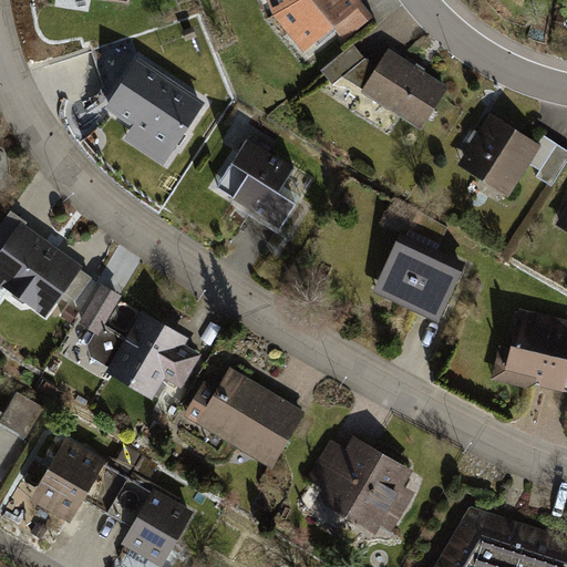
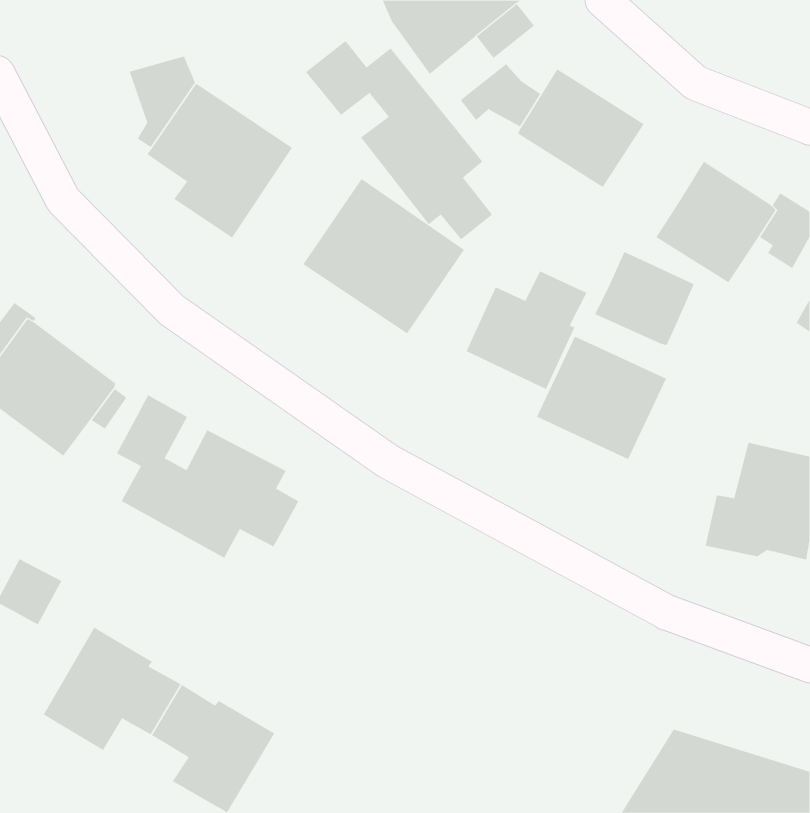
building: none -> [305,40,493,240]
building: none -> [595,251,694,346]
building: none -> [466,271,587,390]
building: [182,369,306,471] -> none
building: [313,440,423,534] -> none

